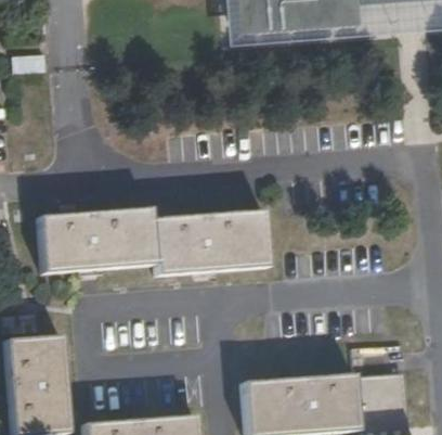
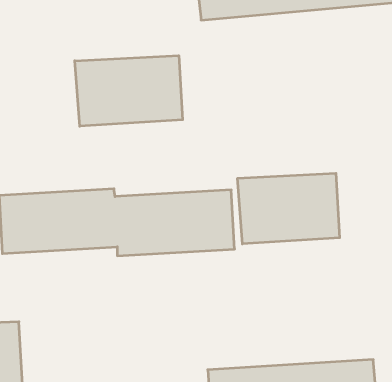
building: none -> [75,56,183,126]
building: none -> [238,173,340,244]

